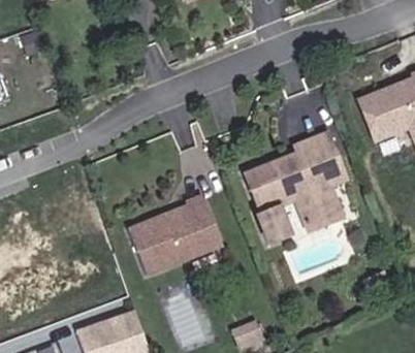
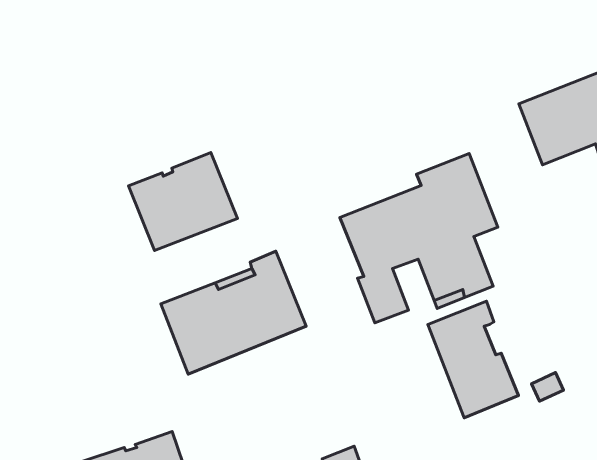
building: none -> [129,152,238,251]
building: none -> [428,301,519,418]

